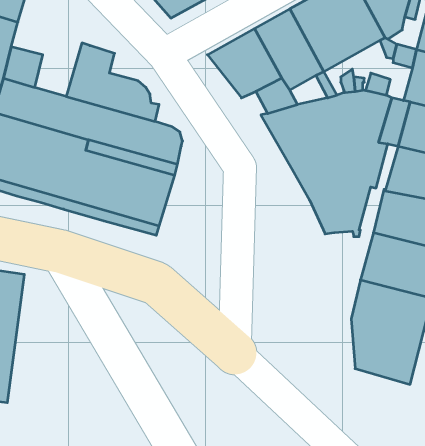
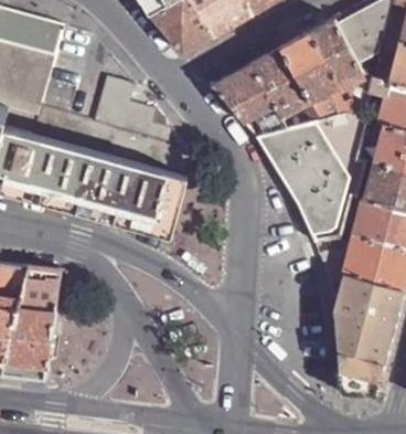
building: none -> [338,350,384,394]

